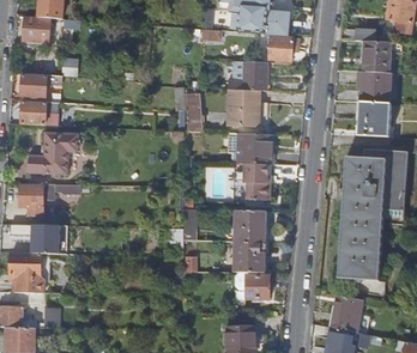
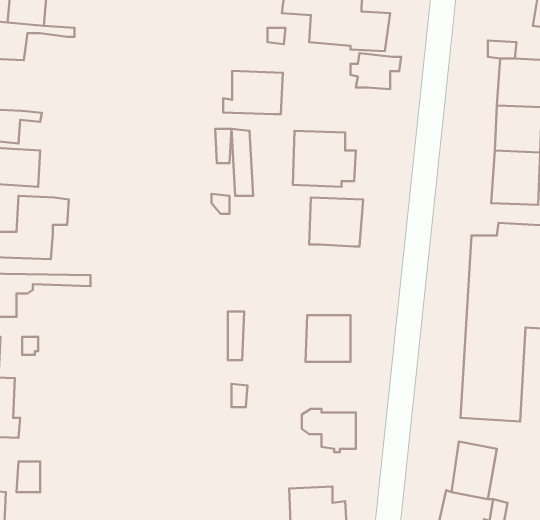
building: [228,61,267,90] -> [223,71,283,114]
building: [243,164,270,200] -> none
building: [234,242,265,273] -> none

